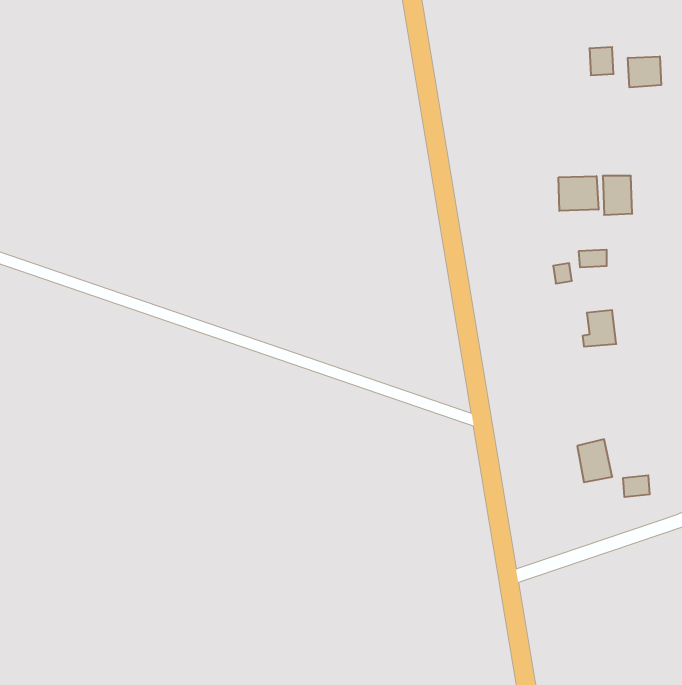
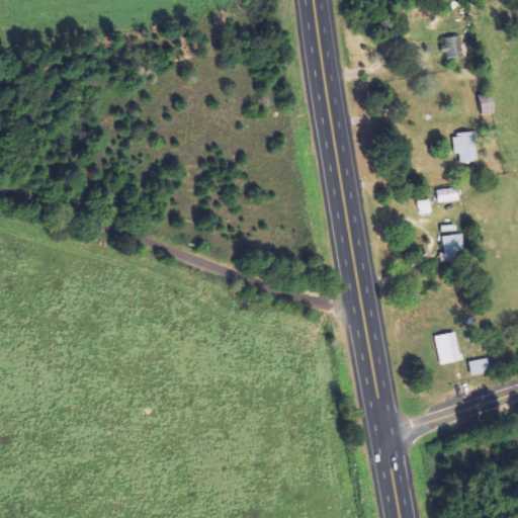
building: [628,56,661,87] -> none
building: [559,176,599,211] -> none

